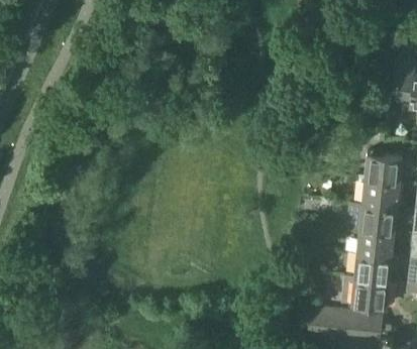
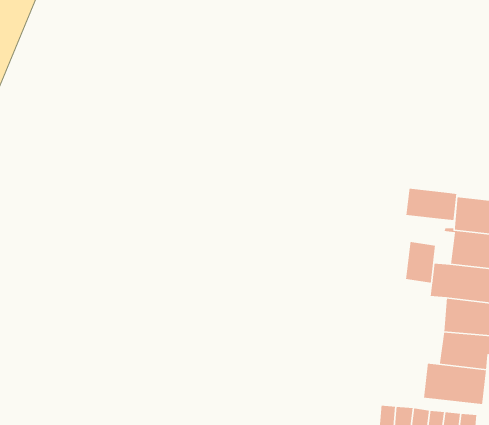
building: none -> [406,188,457,221]
building: none -> [405,241,436,284]

